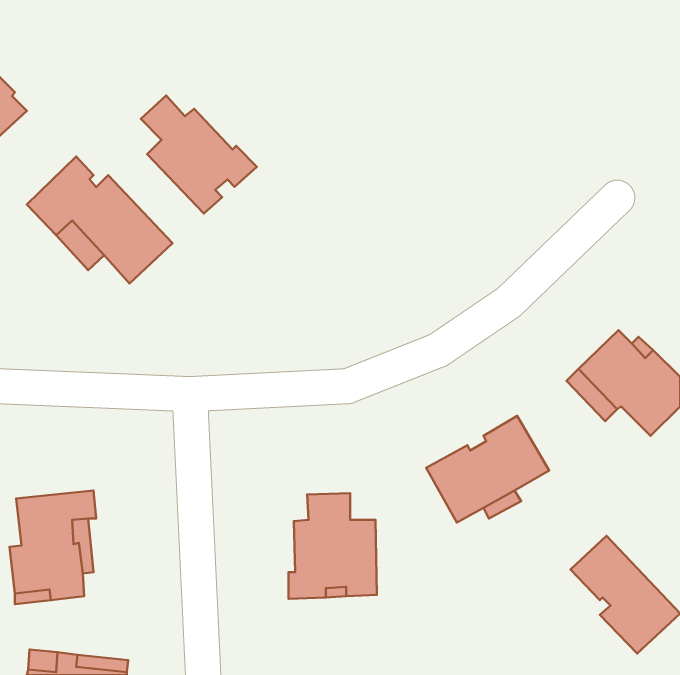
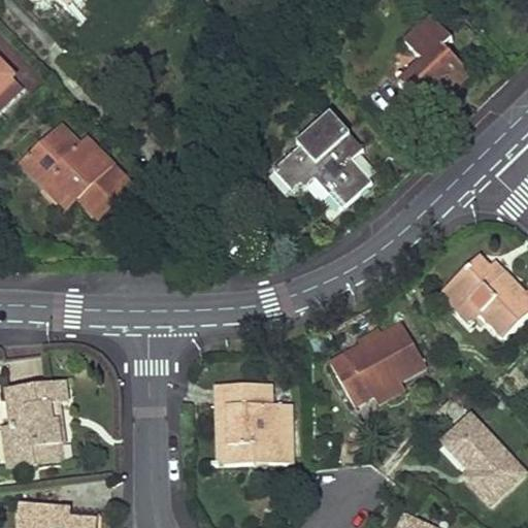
building: none -> [399,15,468,111]
building: [141,96,257,214] -> none
building: none -> [273,110,371,204]
building: none -> [214,382,238,462]

